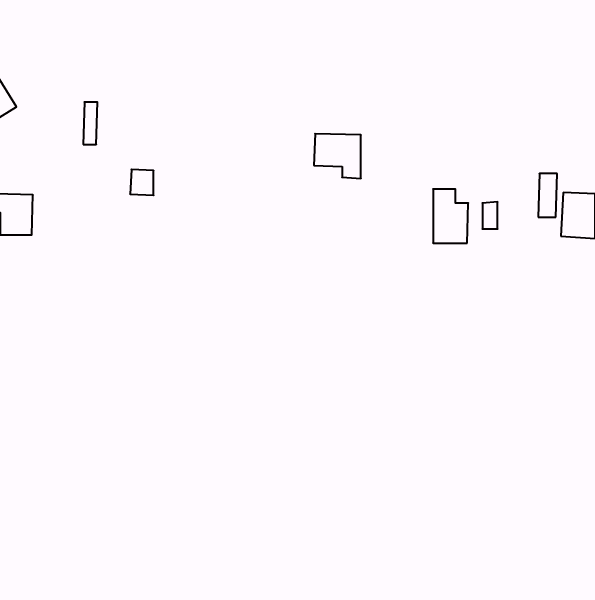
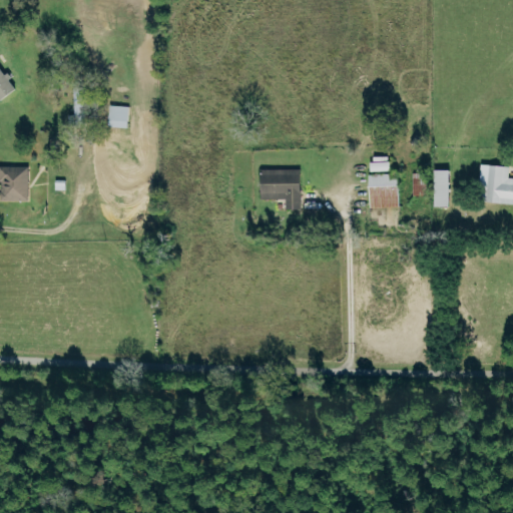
building: [314,134,361,178] -> [261,171,301,209]
building: [130,169,154,195] -> [107,105,127,127]
building: [538,174,557,217] -> [434,169,450,206]

